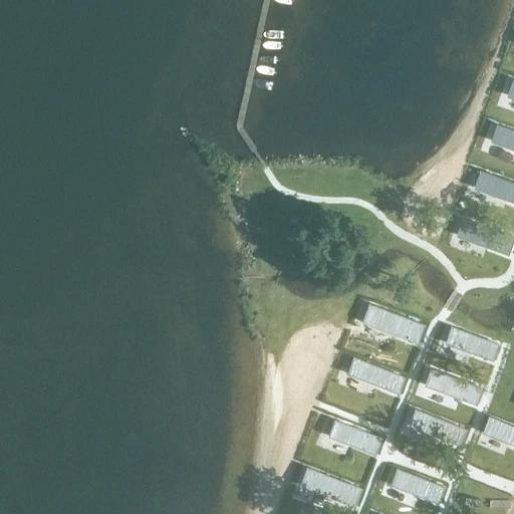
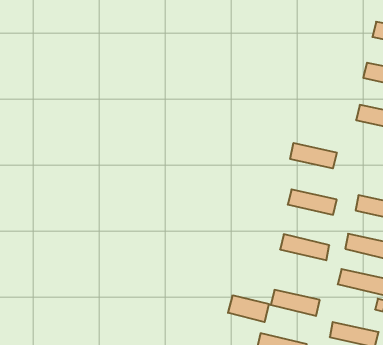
building: none -> [290,143,337,168]
building: none -> [228,295,269,322]

